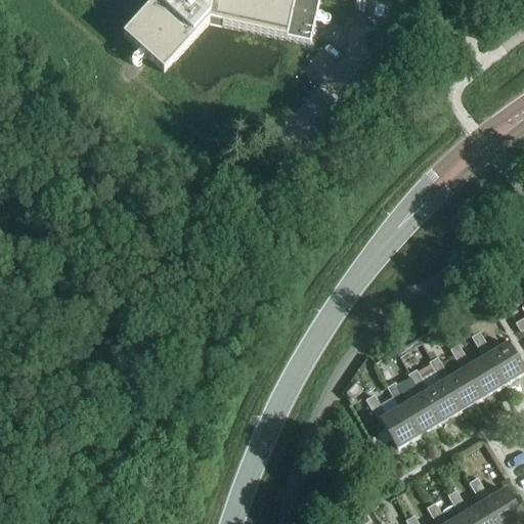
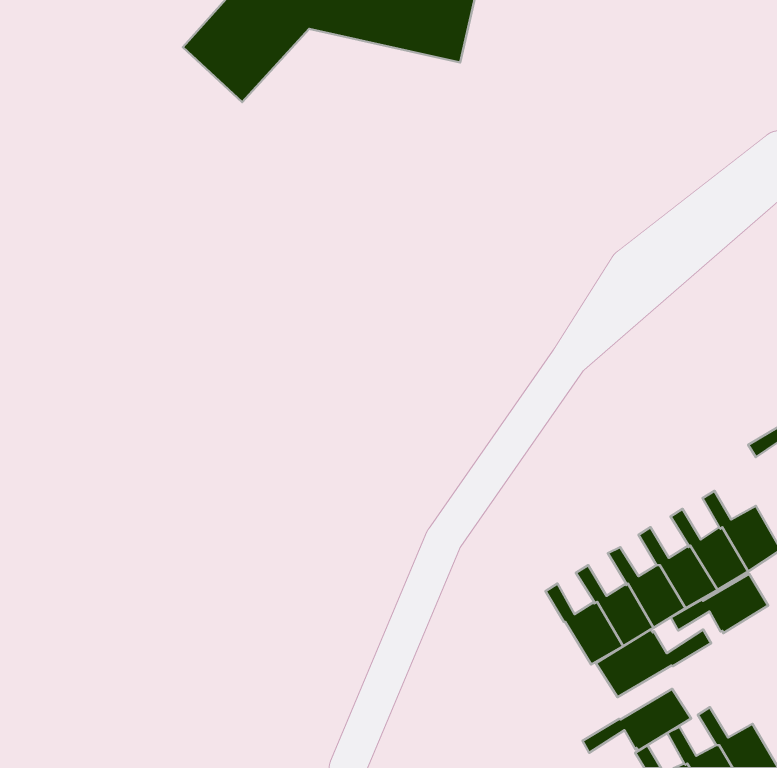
building: none -> [671,574,768,633]
building: none -> [596,629,711,697]
building: none -> [583,689,691,753]

